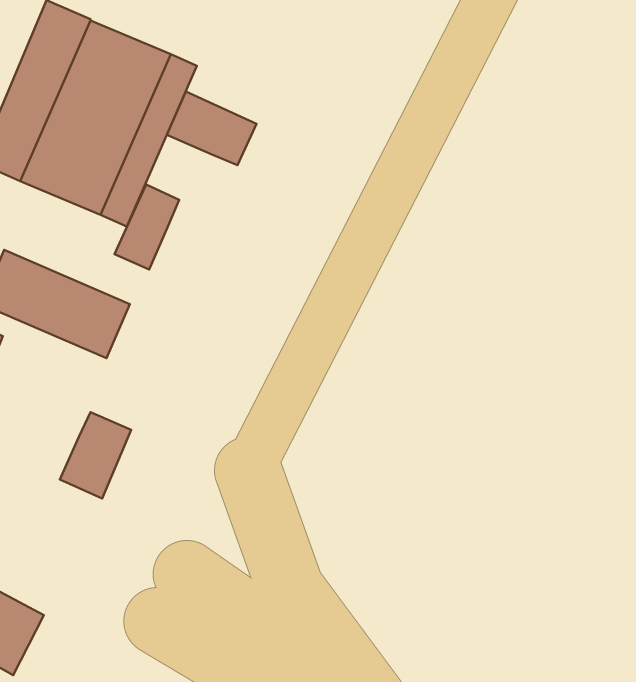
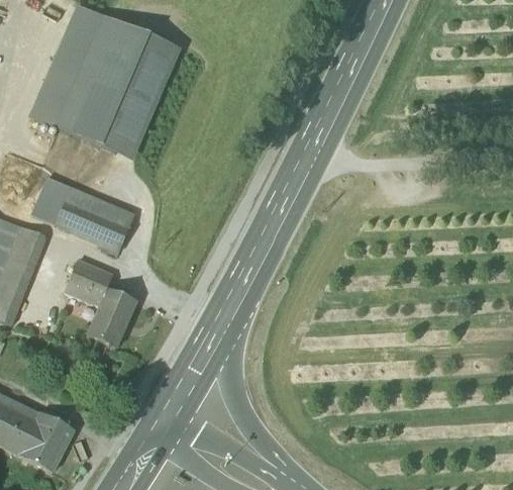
building: [167,92,256,165] -> none
building: [114,185,179,269] -> none
building: none -> [64,260,112,305]

